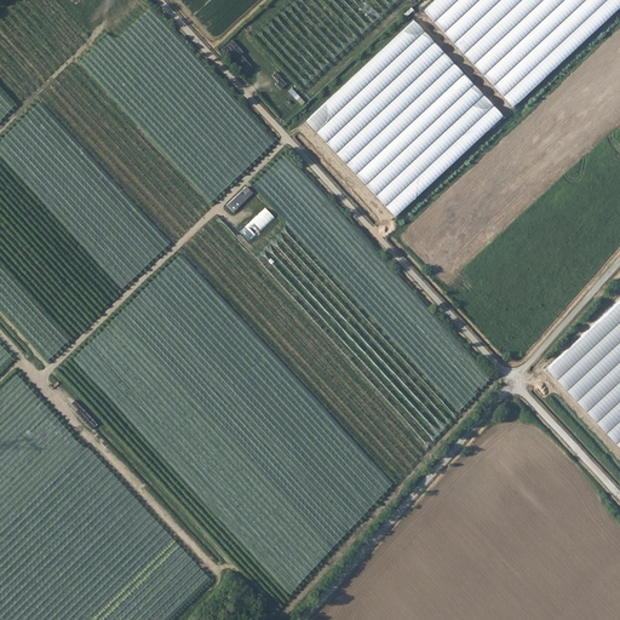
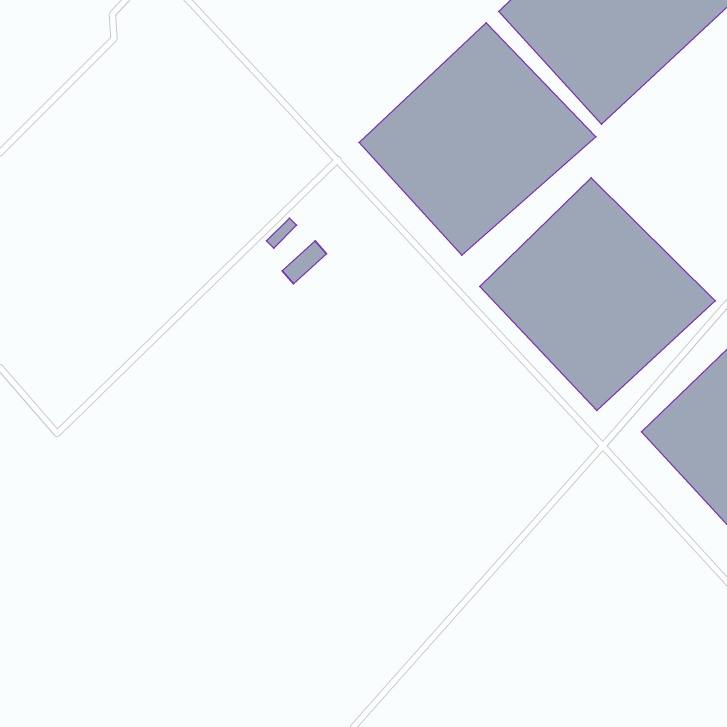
building: none -> [480,178,715,410]

